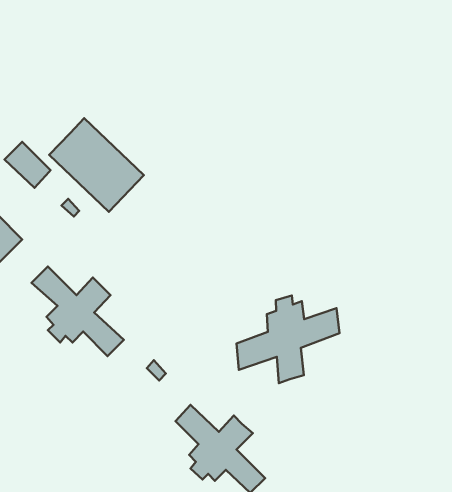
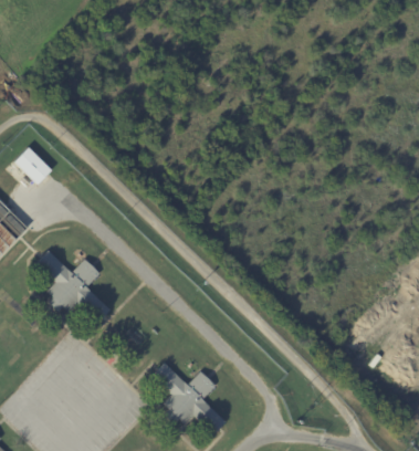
building: [49,118,144,212] -> none
building: [237,296,339,383] -> none

